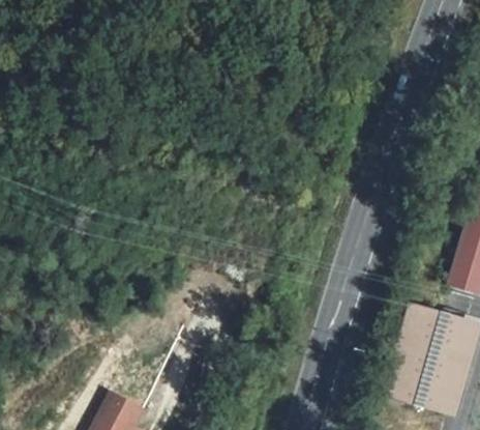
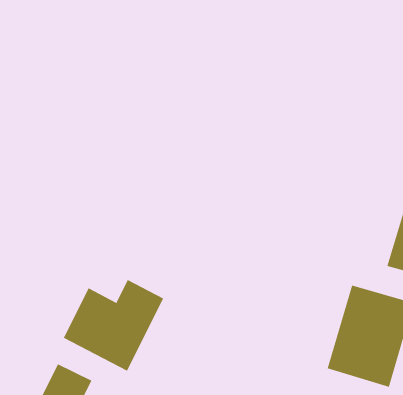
building: none -> [63,279,164,372]

